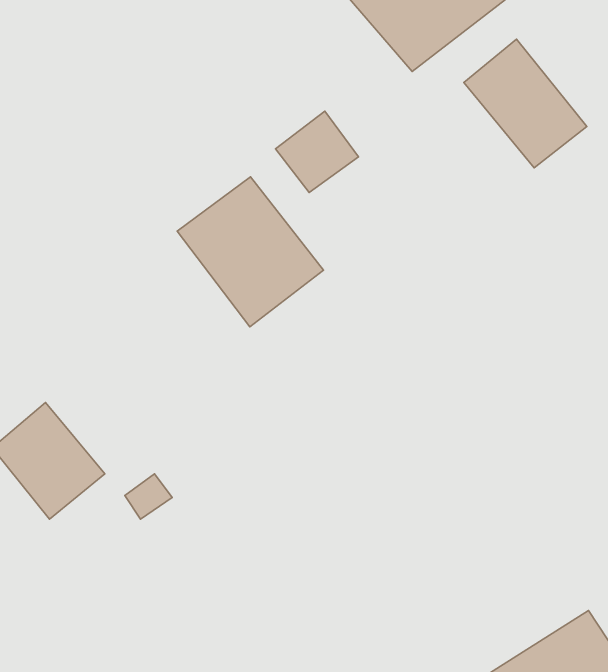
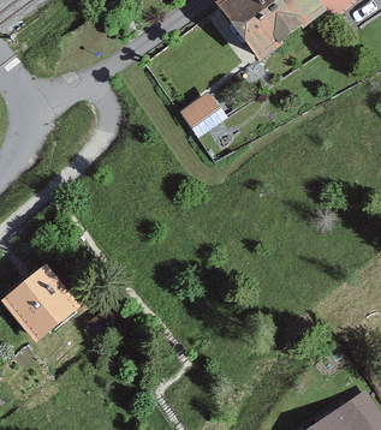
building: [464,39,587,168] -> none
building: [177,177,324,327] -> none

